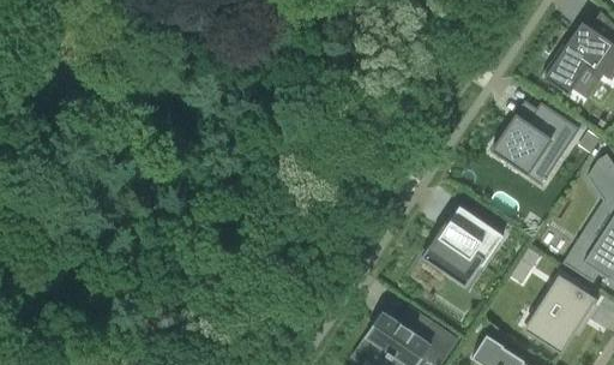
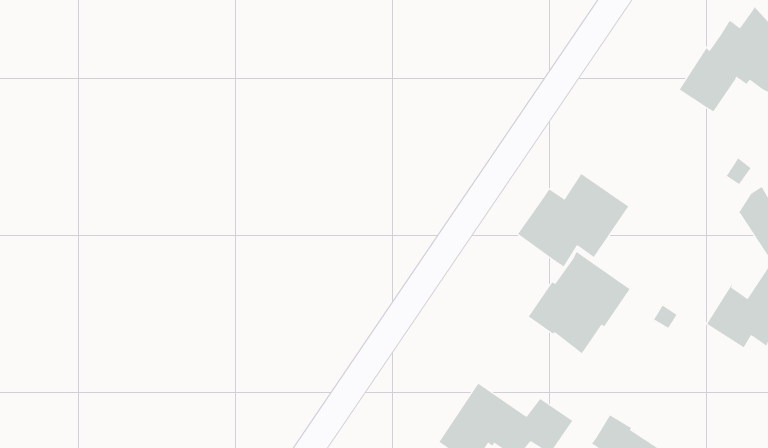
building: [492,102,580,176] -> [517,173,629,267]
building: [531,276,597,354] -> none

